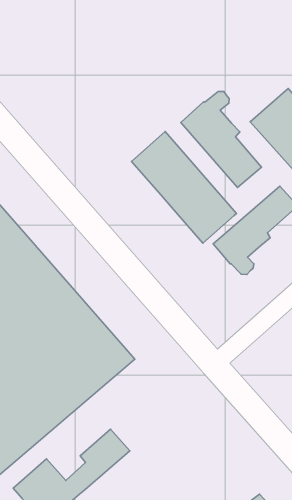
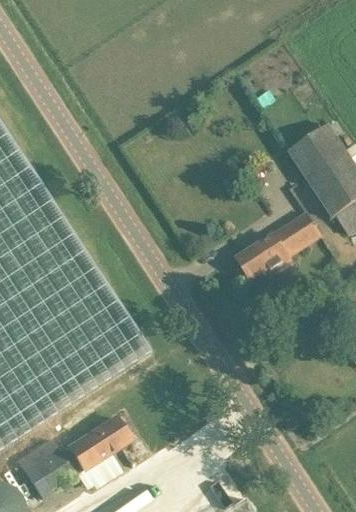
building: [181,92,261,187] -> none
building: [132,132,237,243] -> none

